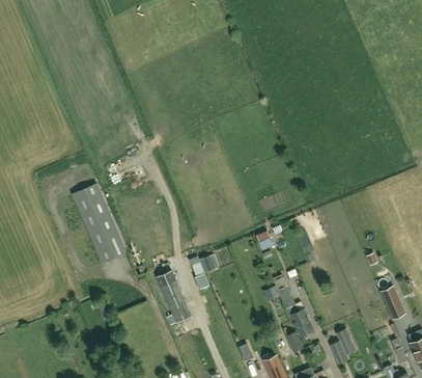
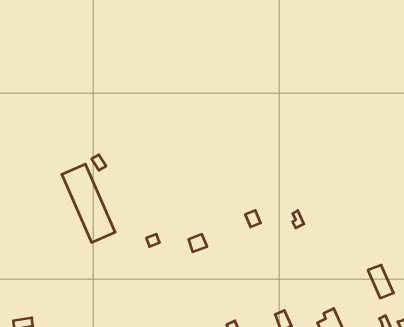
building: [156,270,191,322] -> none
building: [273,274,313,335] -> none

